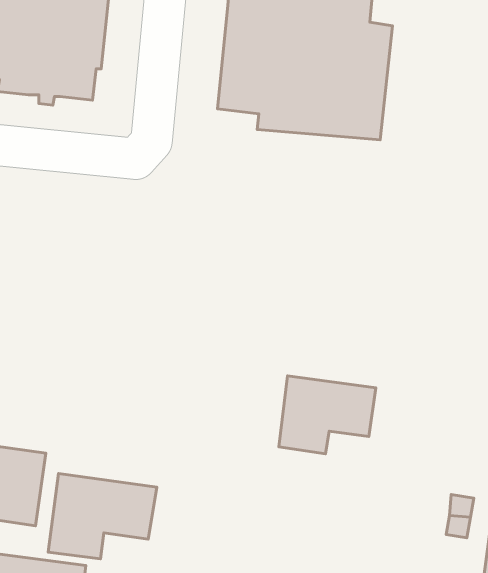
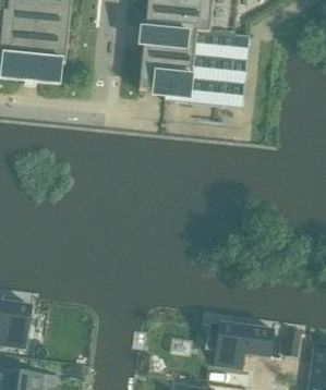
building: [279,376,376,454] -> [210,320,271,369]
building: [48,474,157,559] -> none

